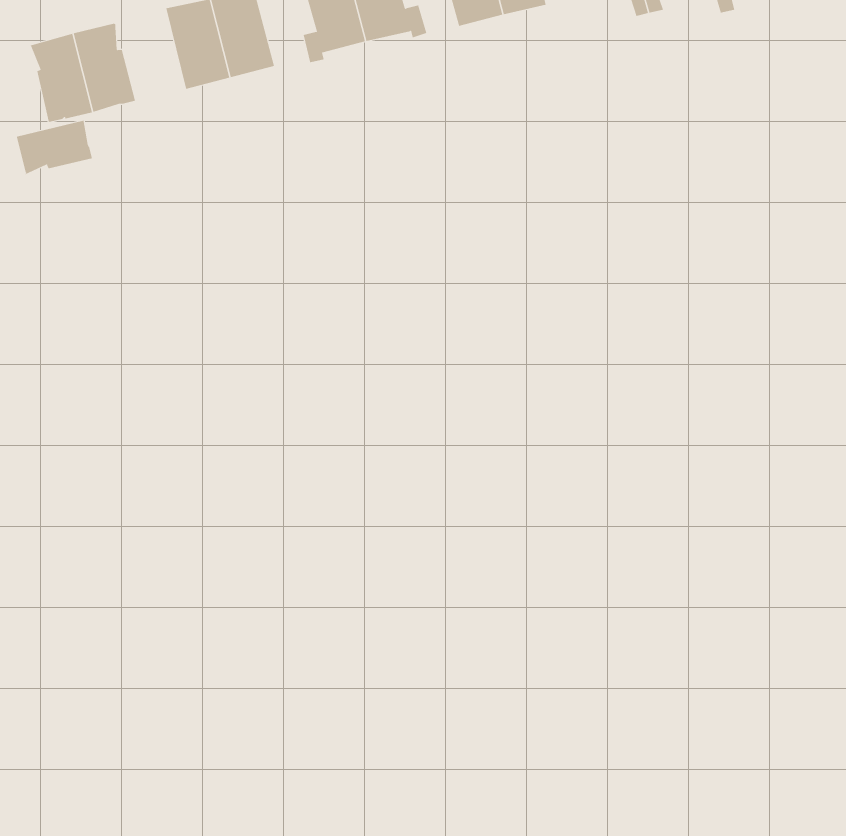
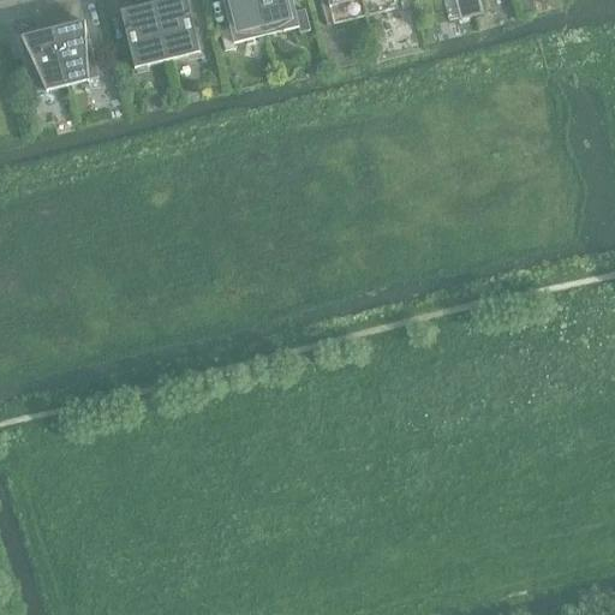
building: [16,120,92,175] -> none

